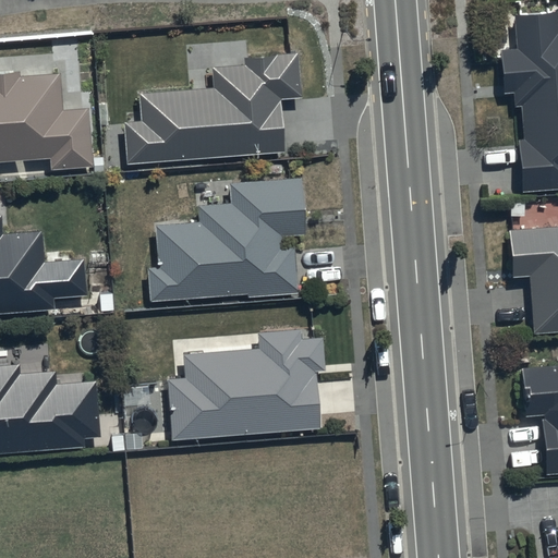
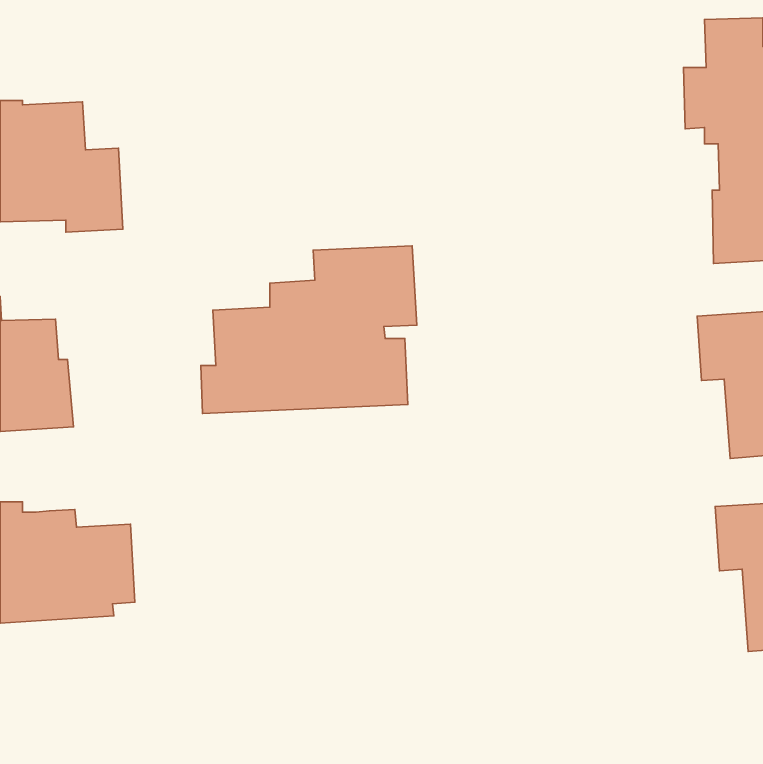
building: [126,54,302,163] -> none
building: [168,330,325,439] -> none

